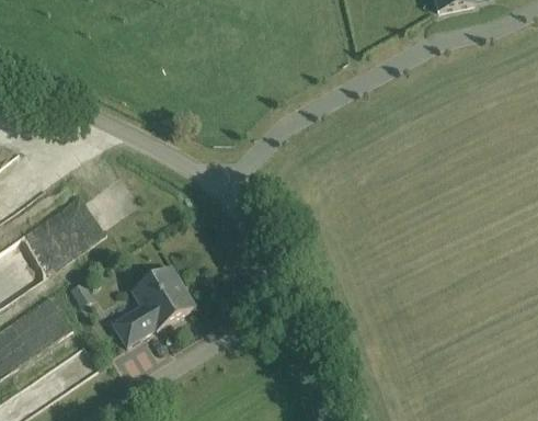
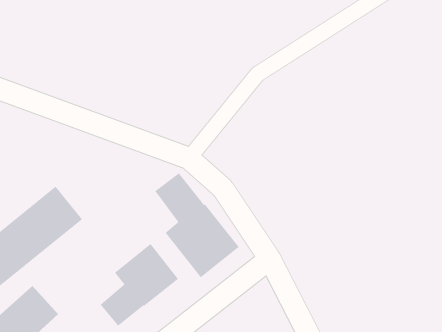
building: none -> [154,172,240,278]

